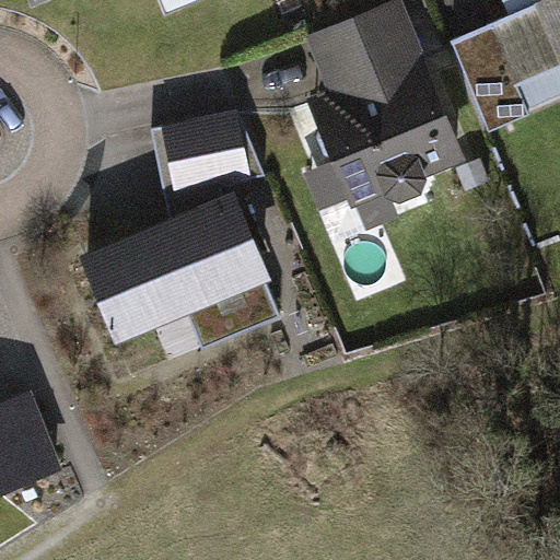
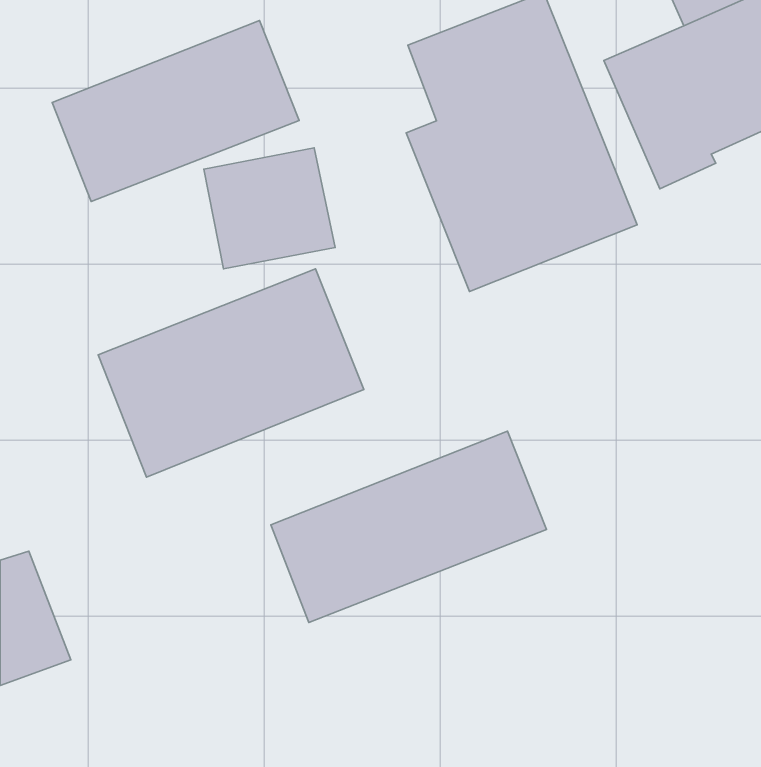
building: none -> [52,20,299,202]
building: none -> [271,431,547,622]

